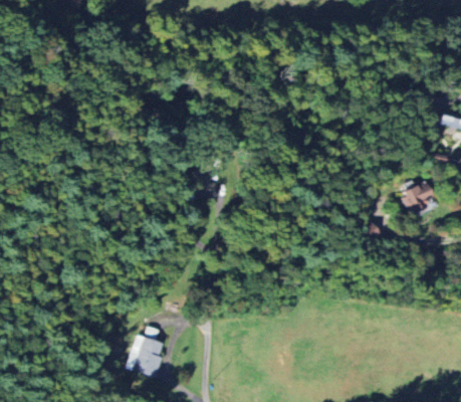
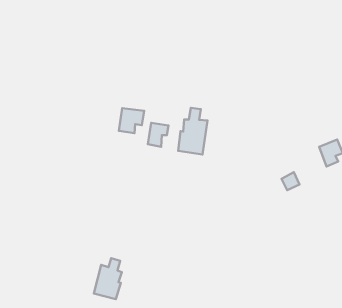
building: none -> [178,108,208,155]
building: none -> [119,108,144,133]

